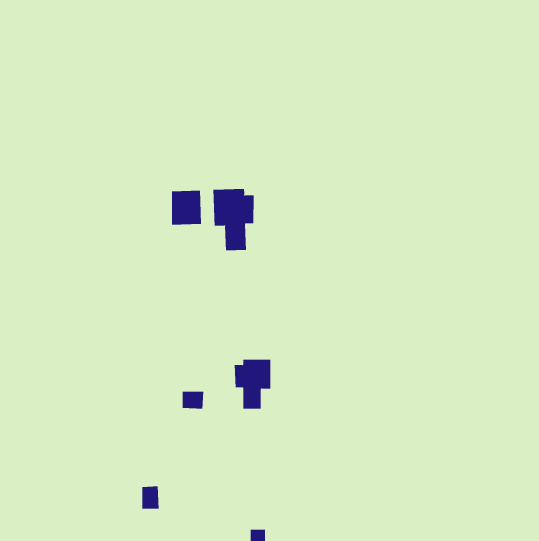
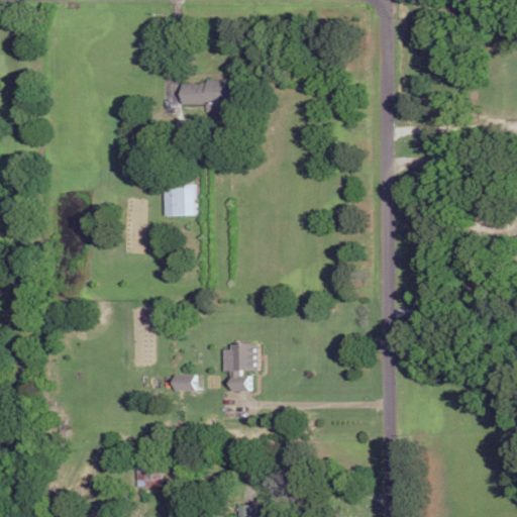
building: none -> [180,82,232,113]
building: [213,188,254,251] -> none

